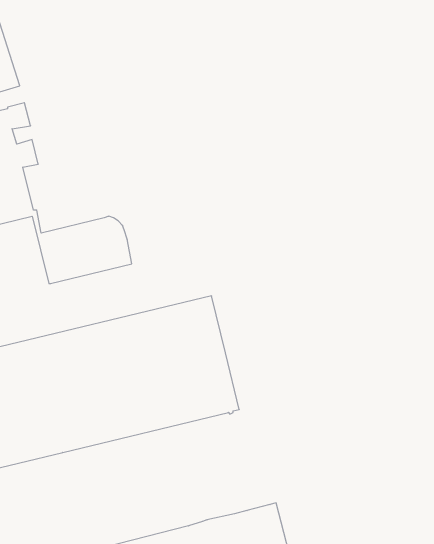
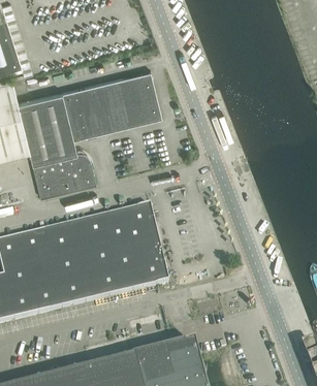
building: none -> [22,69,161,161]

